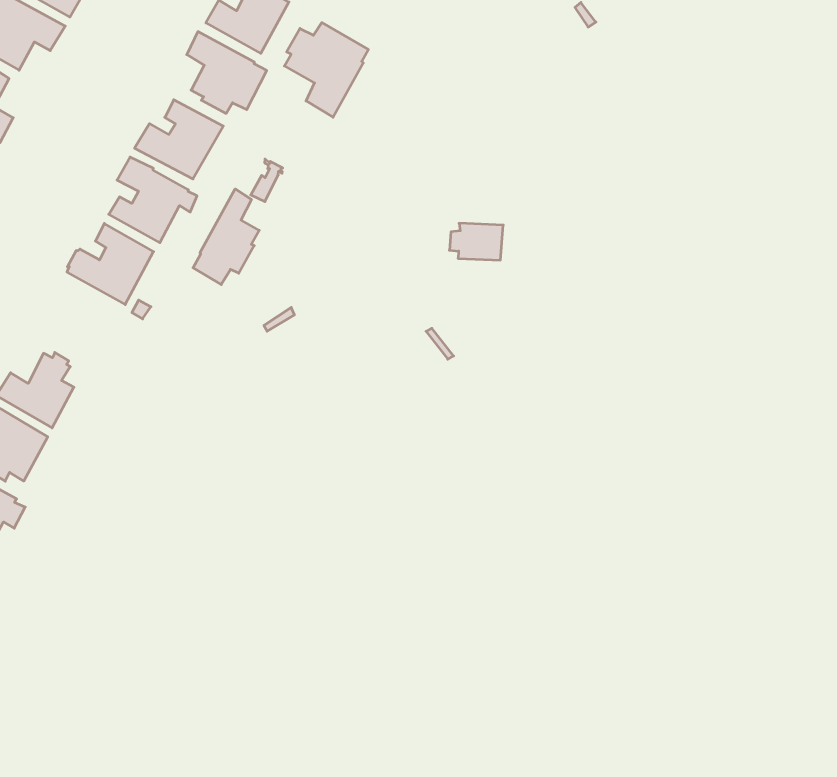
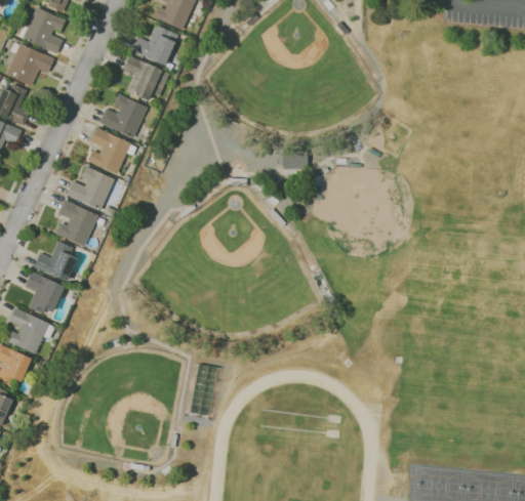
building: [284,23,368,117] -> none
building: [193,189,259,285] -> none
building: none -> [54,199,98,246]

